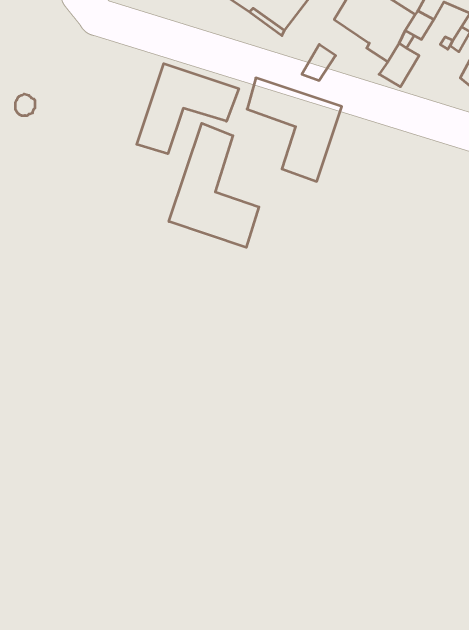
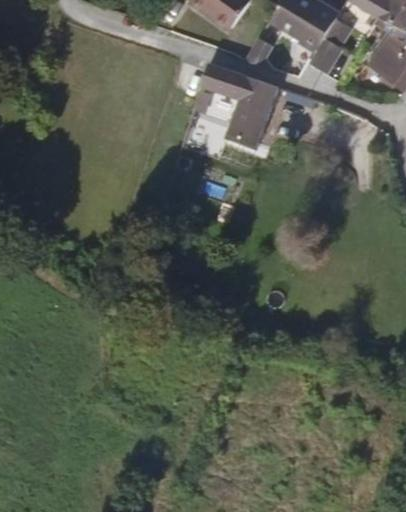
building: [137,64,239,154] -> none
building: [169,123,259,247] -> none

